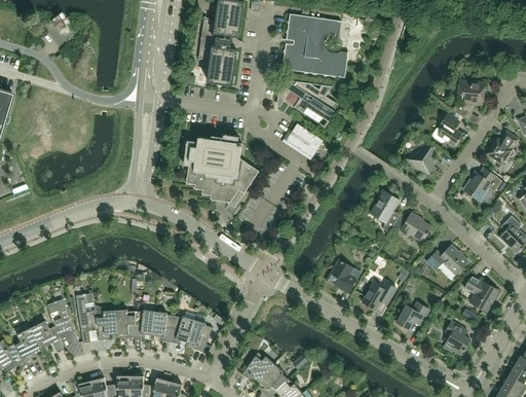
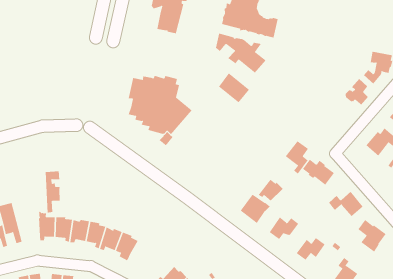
building: [410,147,434,174] -> none
building: none -> [258,179,284,202]
building: [75,293,97,344] -> [45,171,61,213]

